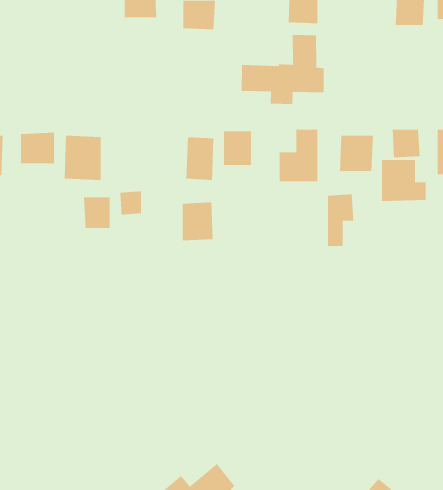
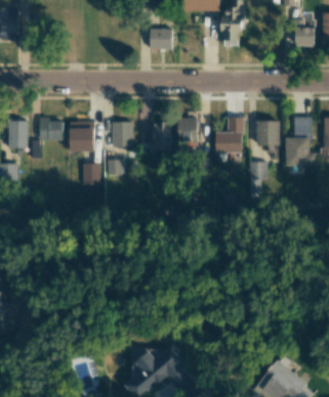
building: [241,34,324,105] -> none
building: [182,202,214,241] -> [113,121,134,147]

